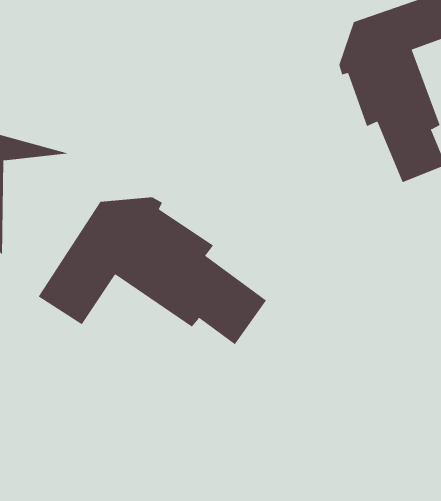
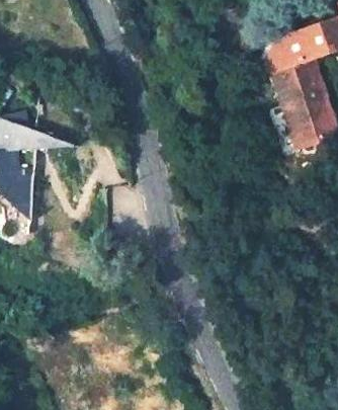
building: [38,196,267,345] -> none

